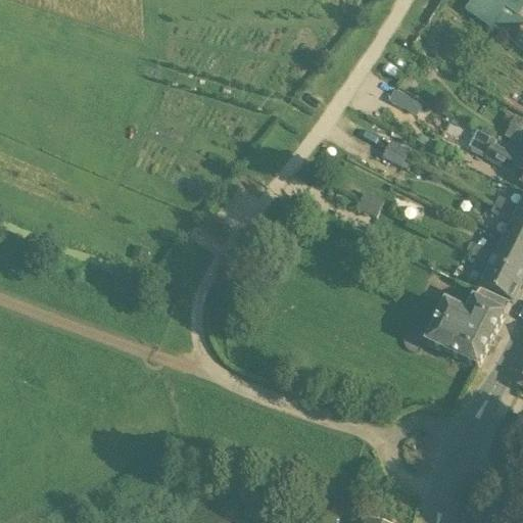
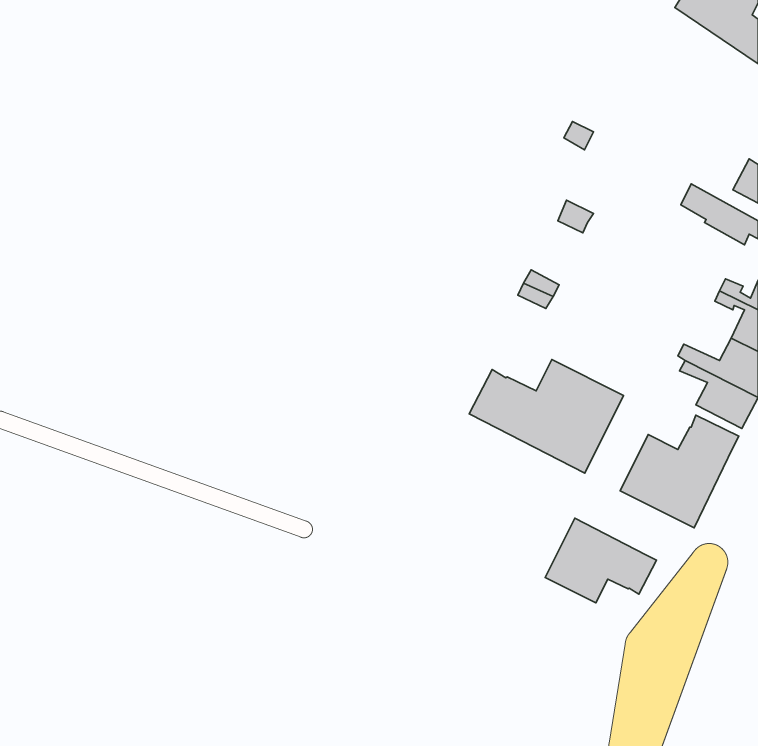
building: none -> [469,360,624,473]
building: none -> [545,518,656,603]

